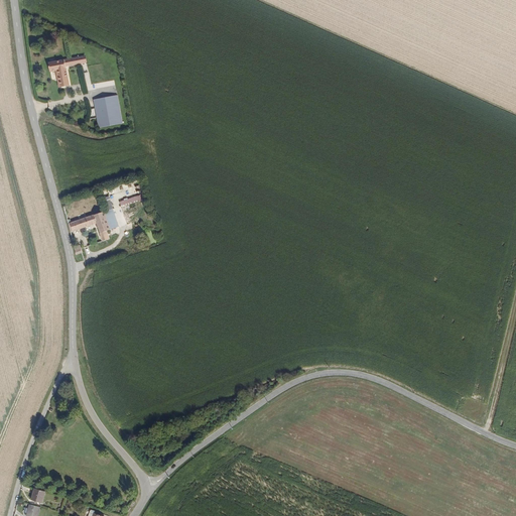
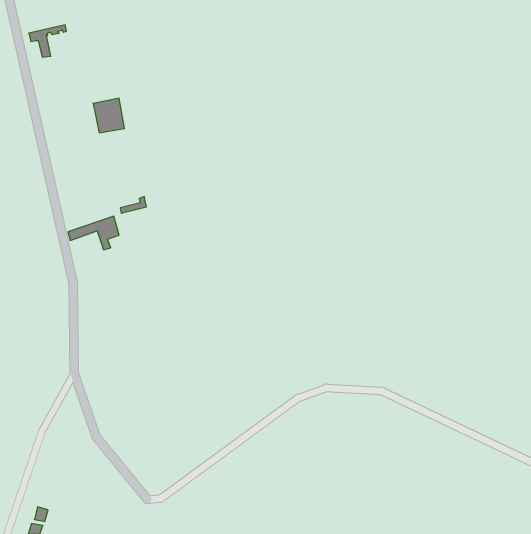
building: [48,56,85,88] -> [29,25,66,57]

